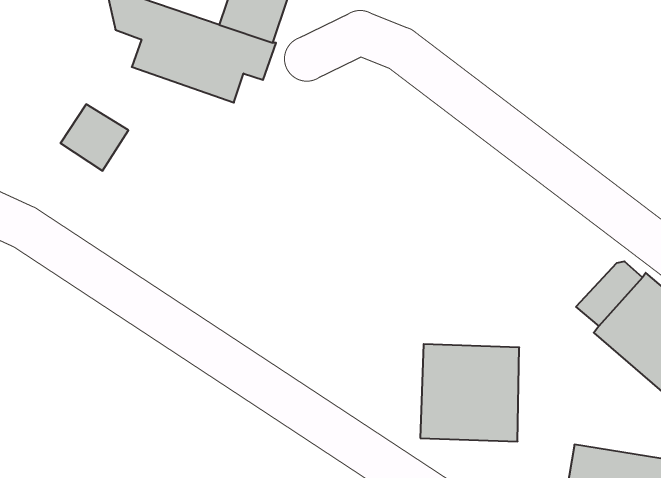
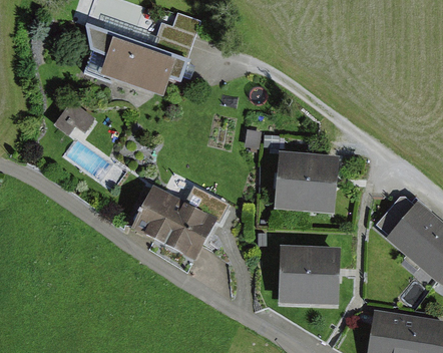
building: none -> [275,151,339,215]
building: none -> [125,184,217,260]

